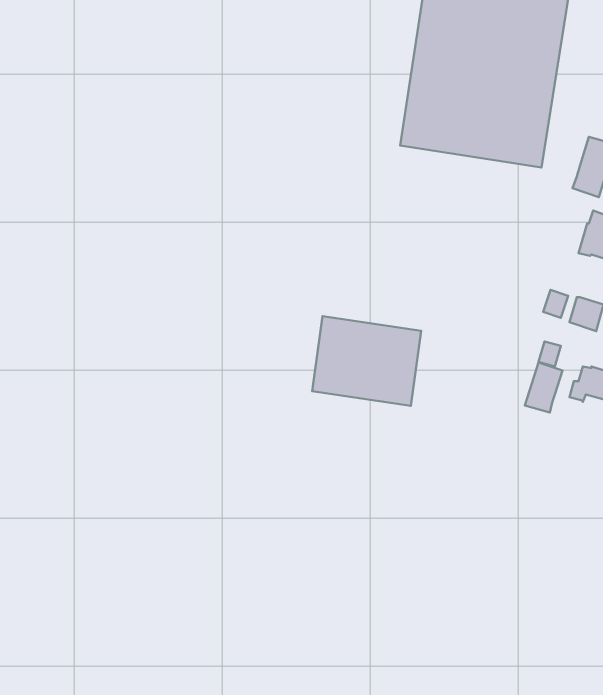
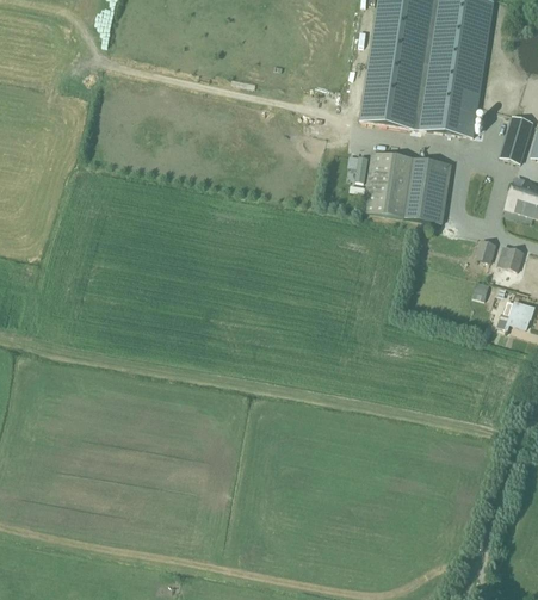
building: [312,316,421,406] -> [363,150,451,223]
building: [525,362,562,413] -> none

